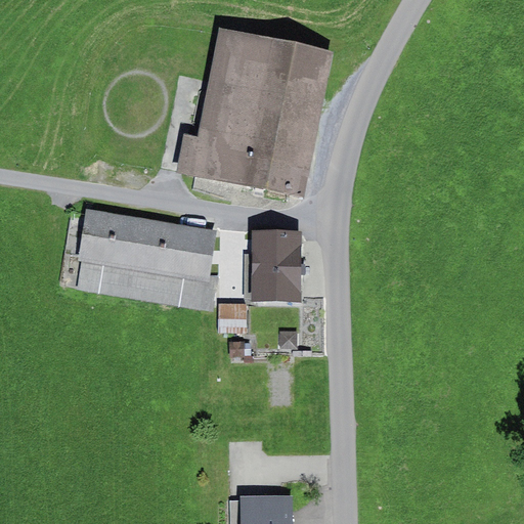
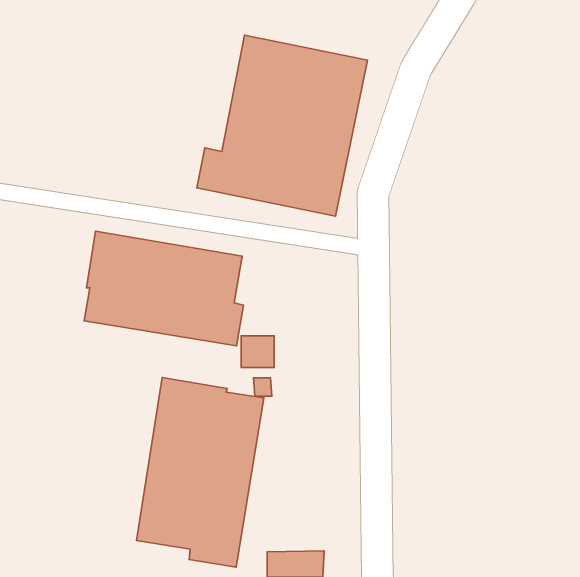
building: [250,232,300,302] -> none
building: none -> [136,377,264,567]

